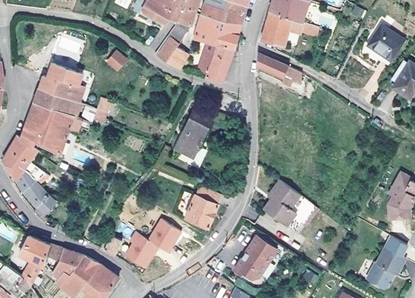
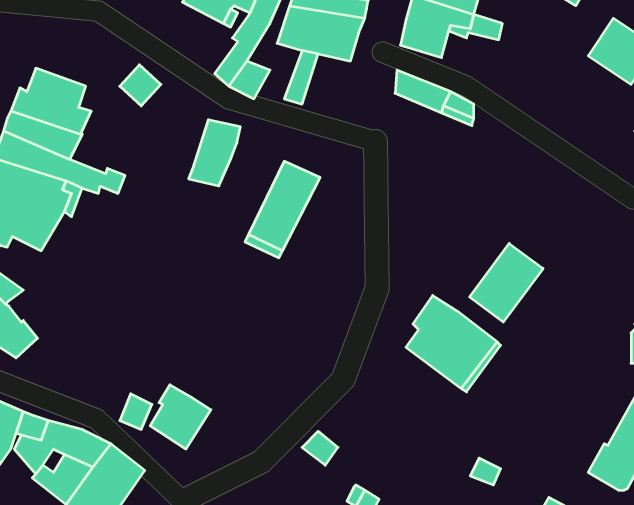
building: [204,44,233,81] -> [189,120,240,186]
building: none -> [470,243,543,322]
building: [185,184,223,227] -> none
building: [144,215,177,249] -> none
building: [234,235,277,277] -> none

